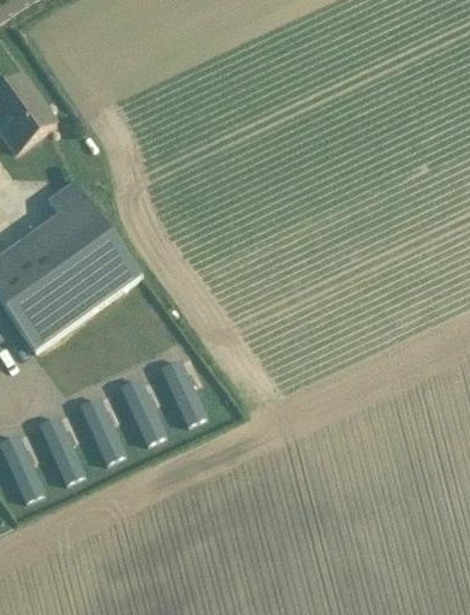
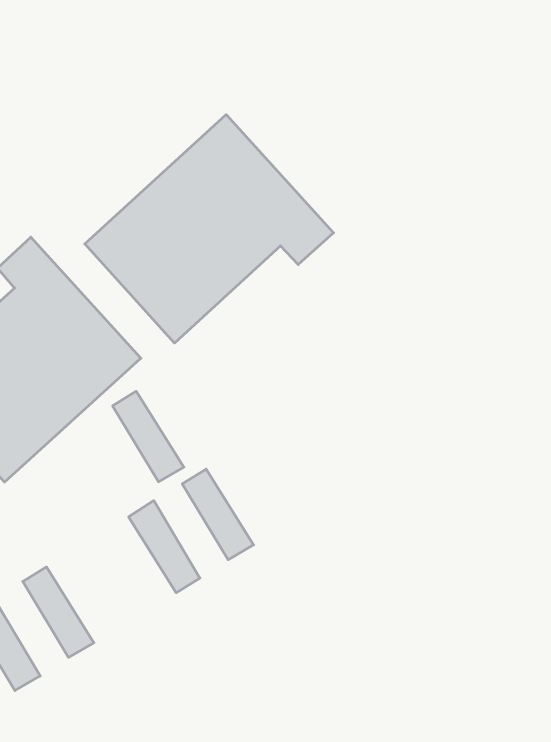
building: none -> [85,115,334,343]
building: [81,396,126,462] -> [113,391,184,482]

